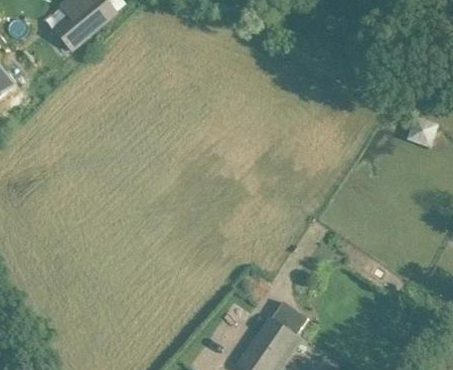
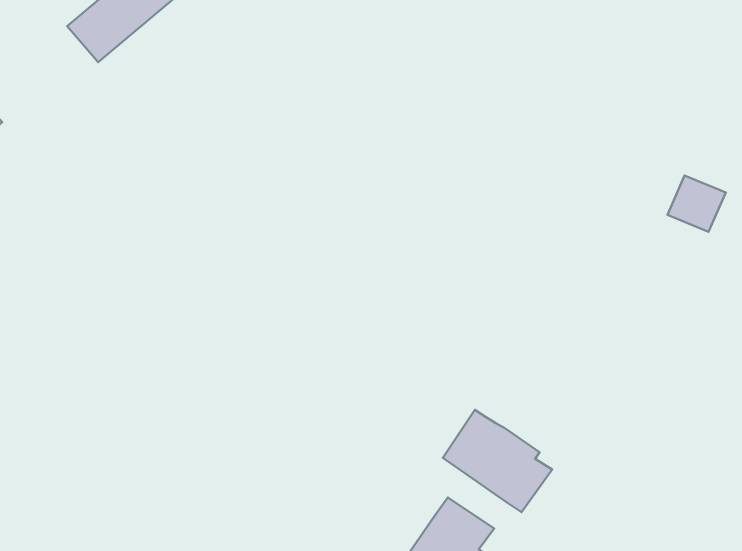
building: none -> [443,410,552,512]

